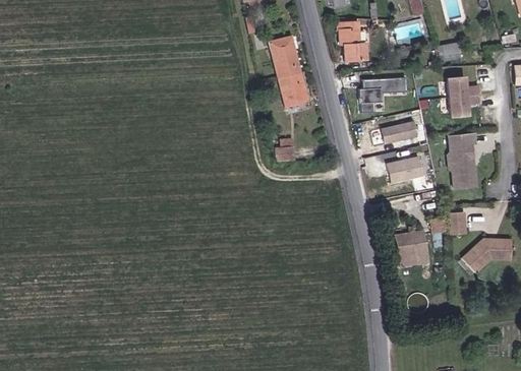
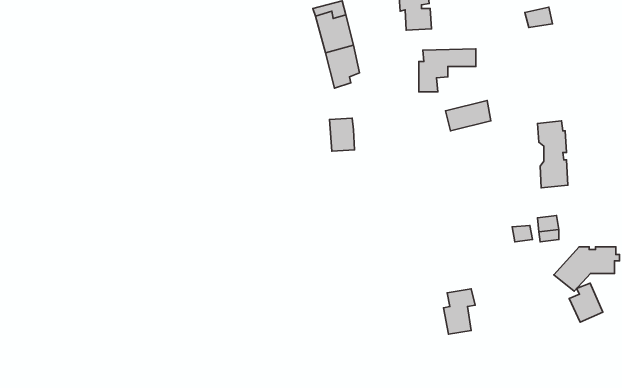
building: [450,76,482,117] -> none
building: [385,158,421,185] -> none
building: [398,228,423,264] -> [444,289,475,334]
building: none -> [569,283,603,322]

